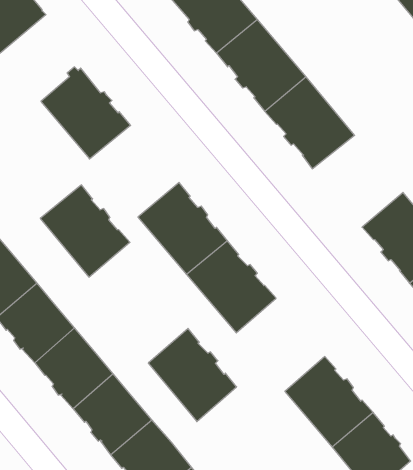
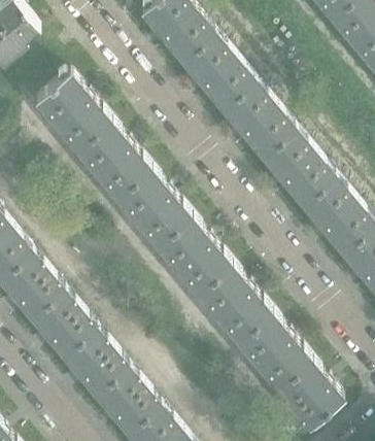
building: none -> [262,131,337,207]
building: [40,185,130,277] -> [77,123,151,199]
building: [148,328,237,422] -> [199,266,272,343]

